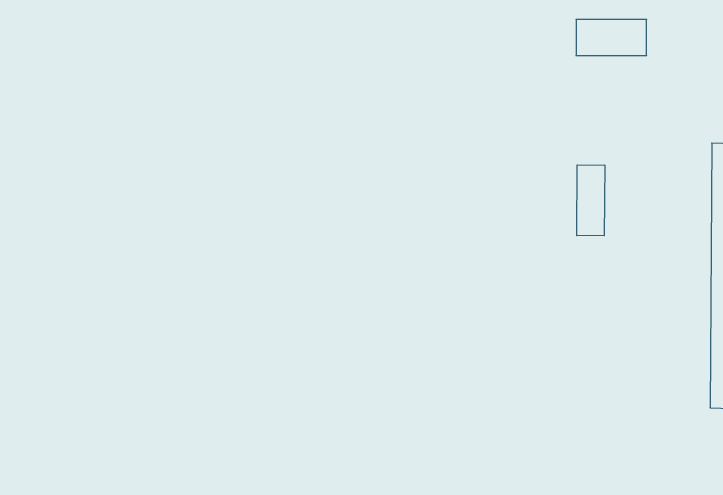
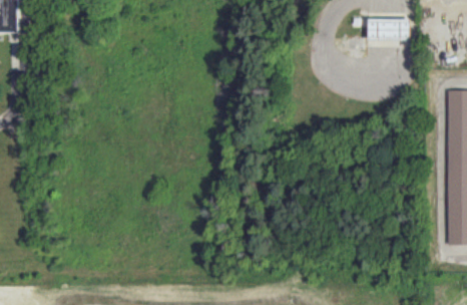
building: [577,165,605,236] -> none

